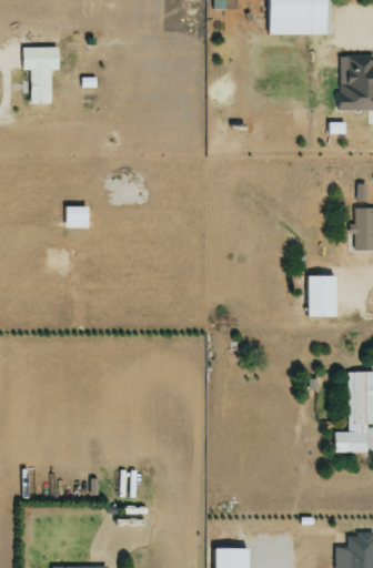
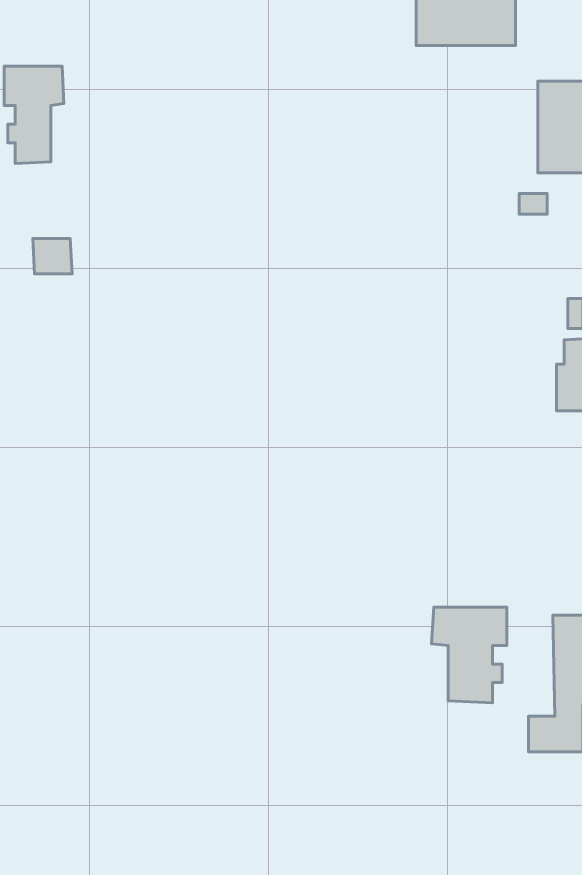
building: [65,206,89,227] -> [33,238,72,274]
building: [308,275,336,316] -> none
building: none -> [432,607,507,703]

